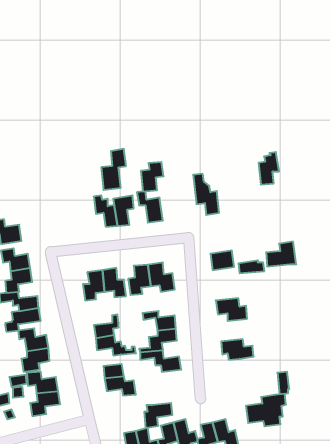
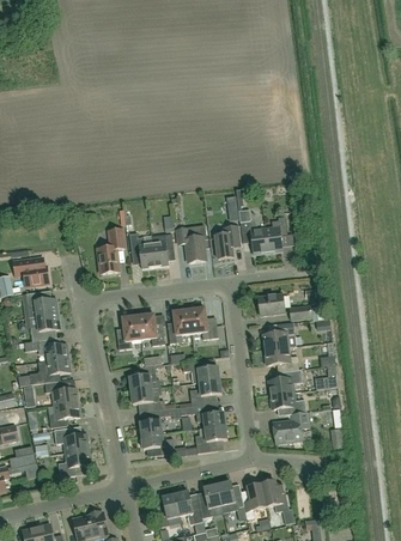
building: [101,149,126,190] -> [97,227,124,273]
building: [259,152,279,184] -> [265,215,287,251]
building: [141,162,164,191] -> [214,225,239,257]
building: [266,242,296,266] -> [262,321,296,348]
building: none -> [267,369,302,394]
building: [246,394,286,426] -> [273,409,317,445]
building: [144,403,172,428] -> [195,425,226,452]

